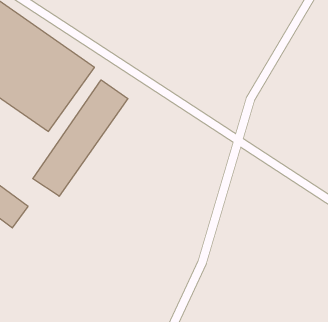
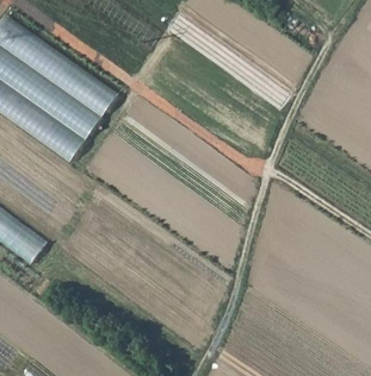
building: [33,80,128,196] -> none

